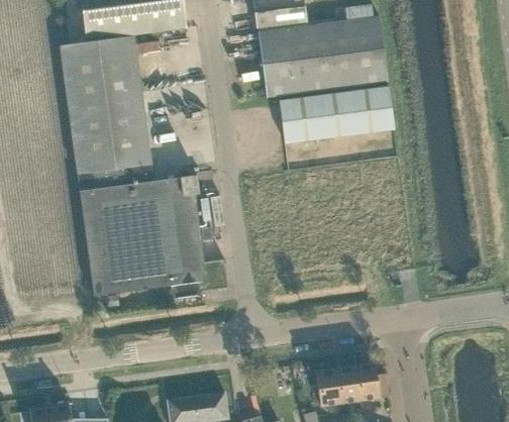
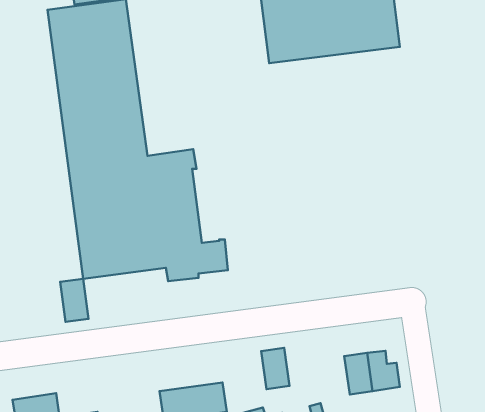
building: [280,86,395,142] -> none
building: none -> [60,279,89,322]
building: [315,366,341,405] -> [261,348,289,389]

